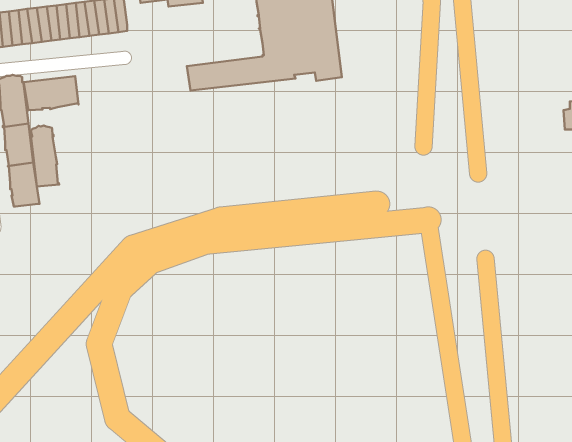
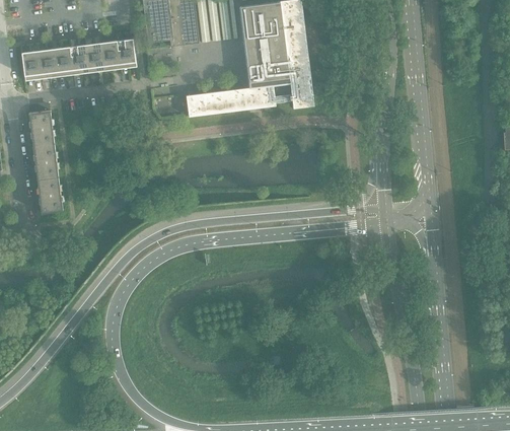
building: [24,76,79,110] -> none
building: [31,126,59,186] -> none

